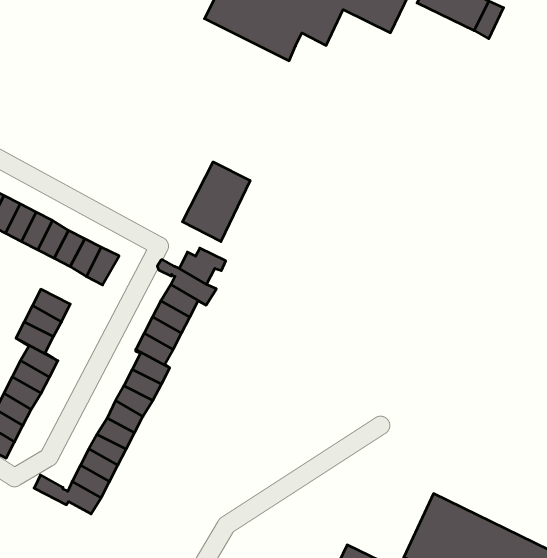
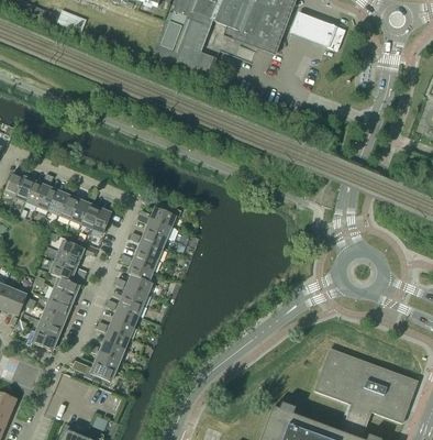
building: [182,162,250,242] -> none

